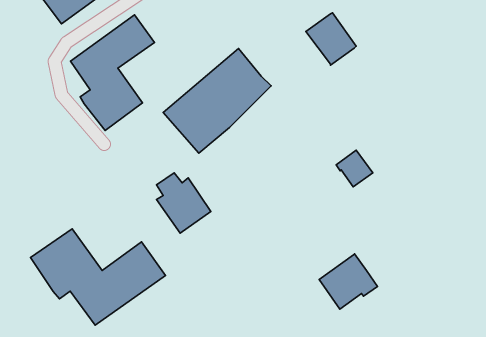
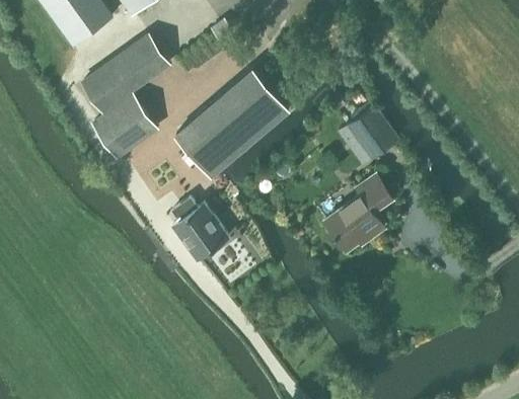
building: [306,13,356,65] -> [346,105,397,159]
building: [31,229,165,325] -> none
building: [319,254,377,309] -> [323,195,383,252]

